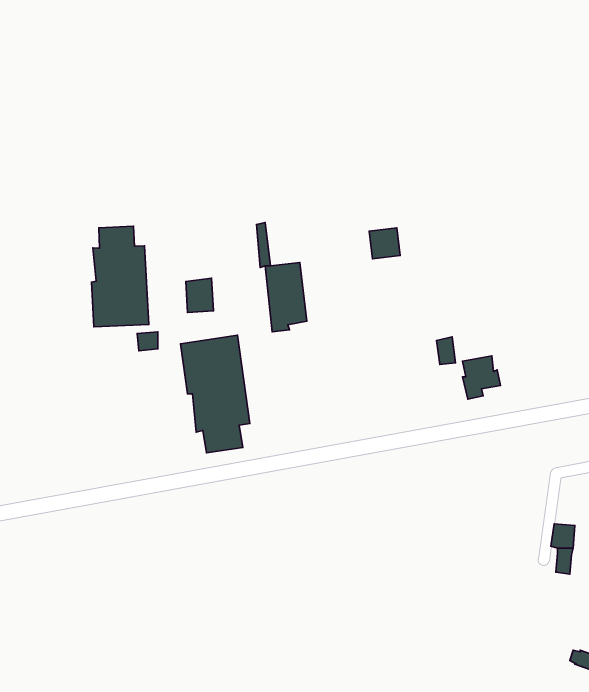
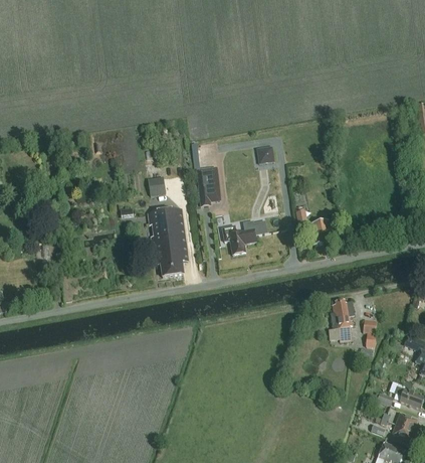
building: [91,226,149,327] -> none
building: none -> [221,224,255,254]
building: none -> [330,299,354,340]

